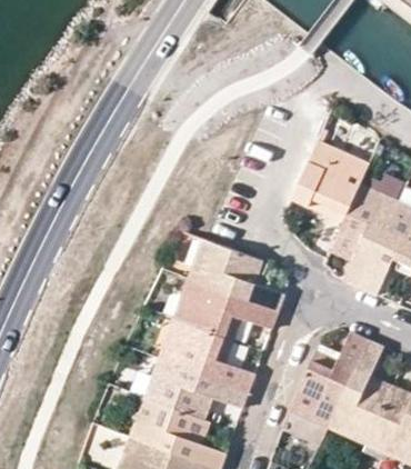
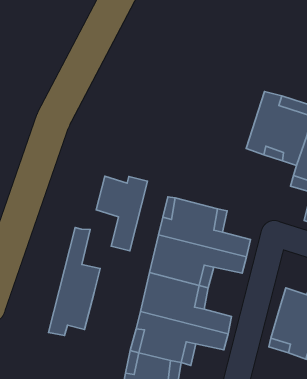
building: none -> [96,176,147,251]
building: none -> [49,227,100,335]

